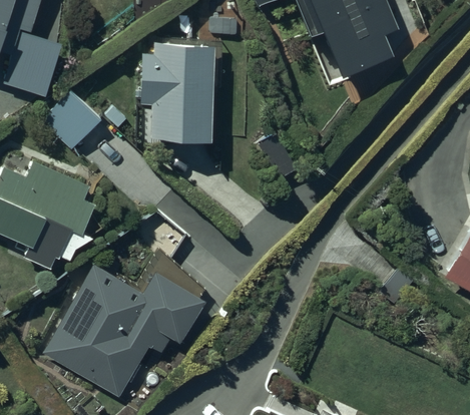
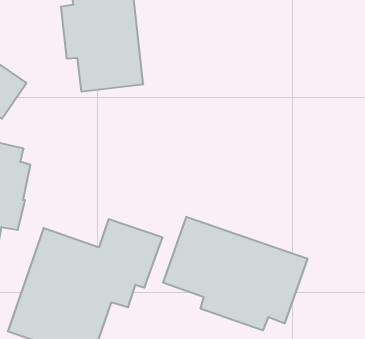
building: none -> [163,217,307,330]

